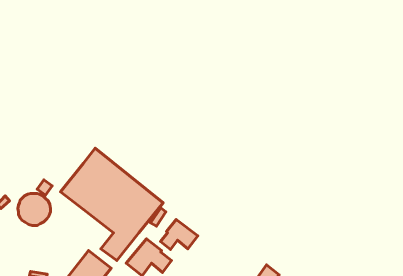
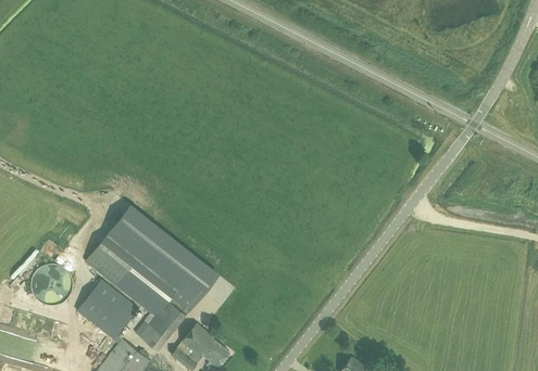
building: none -> [76,278,139,340]
building: [160,219,198,249] -> none

